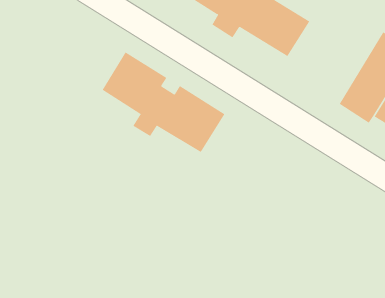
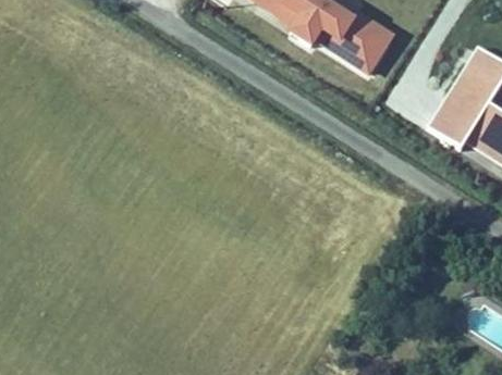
building: [102,51,225,153] -> none

